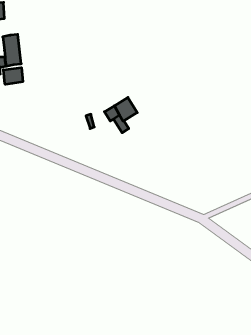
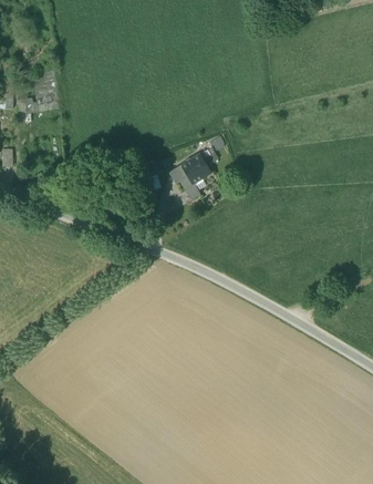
building: [3,68,23,84] -> none

